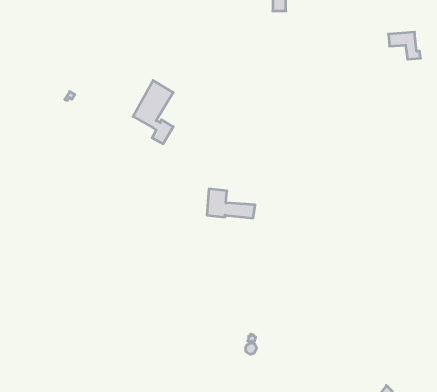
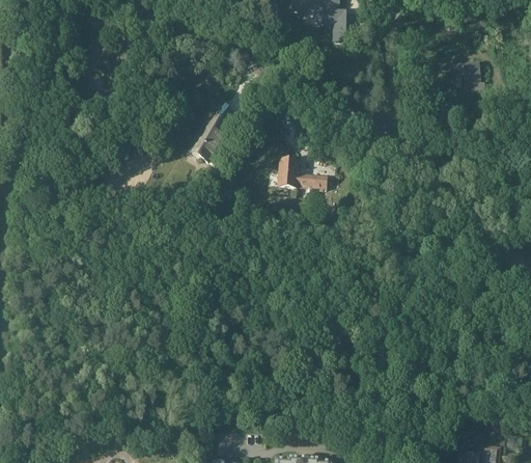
building: [207,189,255,218] -> [278,158,328,188]

